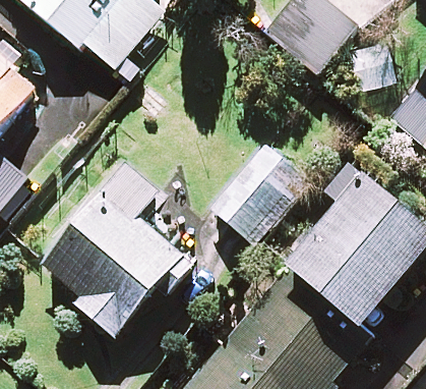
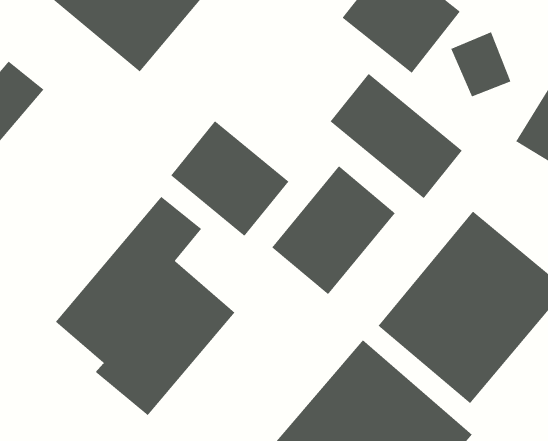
building: none -> [330,73,463,199]
building: none -> [170,120,289,237]

